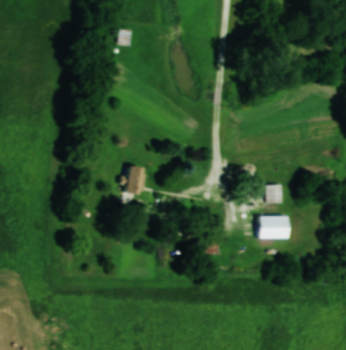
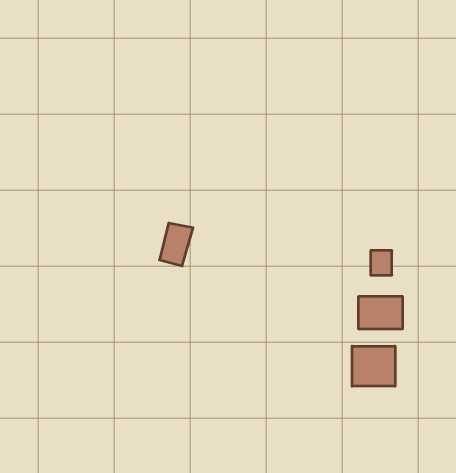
building: none -> [352,346,395,386]

